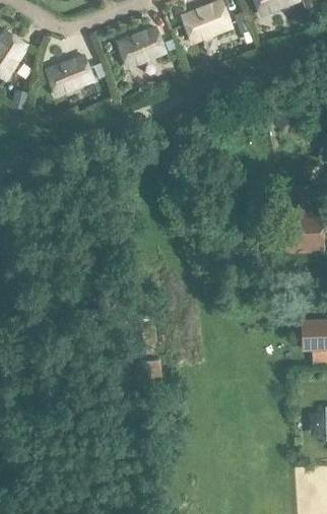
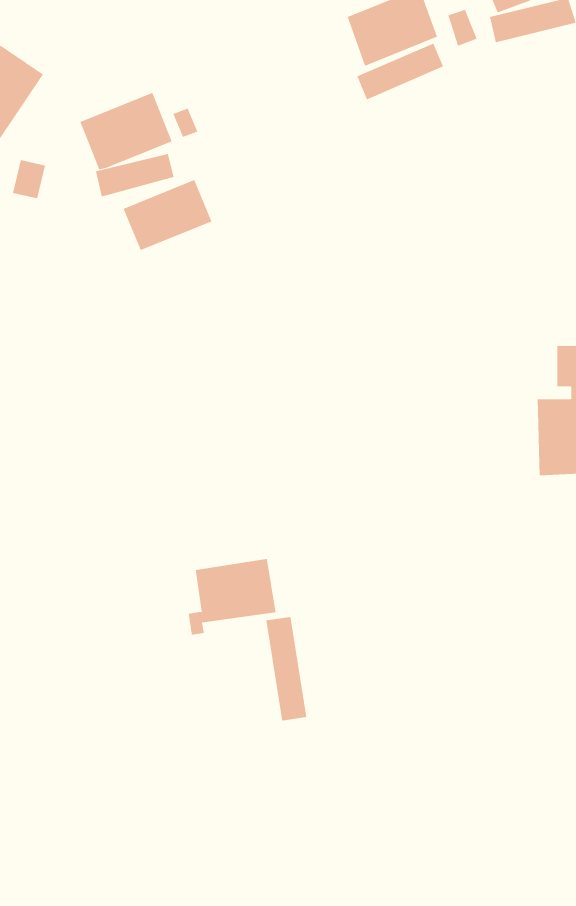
building: [116,25,164,65] -> none
building: none -> [123,179,212,251]
building: none -> [188,558,276,636]

